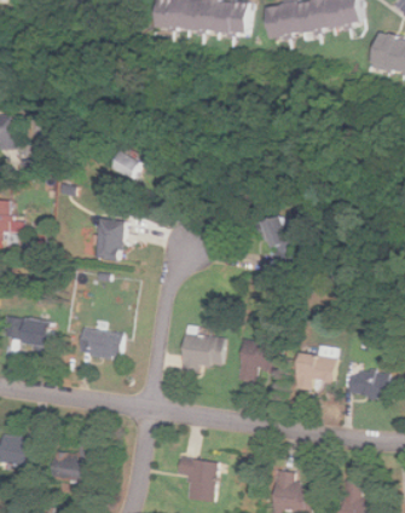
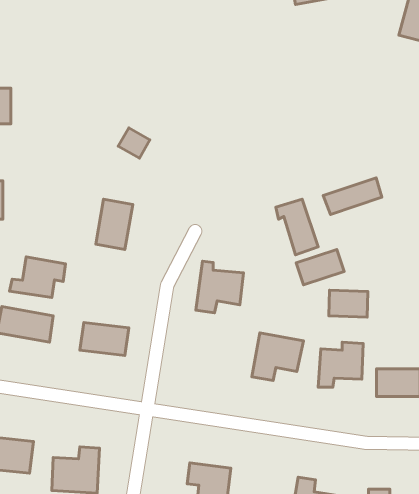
building: none -> [323,178,382,215]
building: none -> [296,249,344,285]
building: none -> [9,257,66,297]
building: none -> [329,290,368,317]
building: [179,325,222,373] -> [196,261,244,313]

